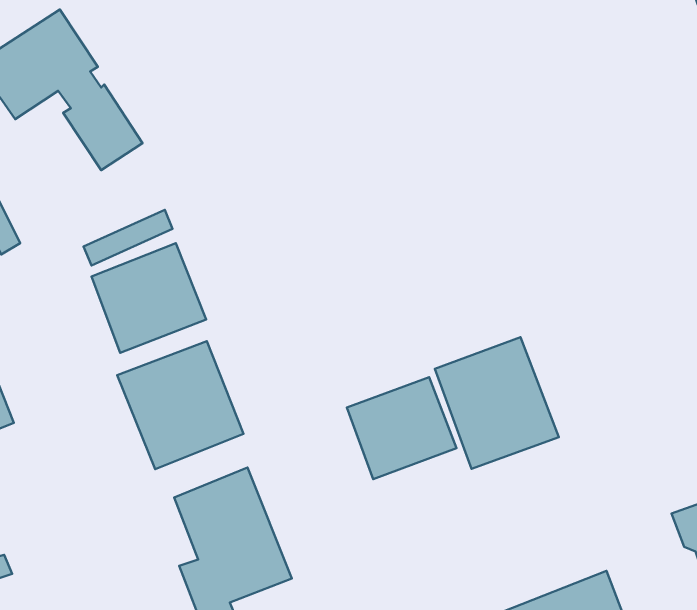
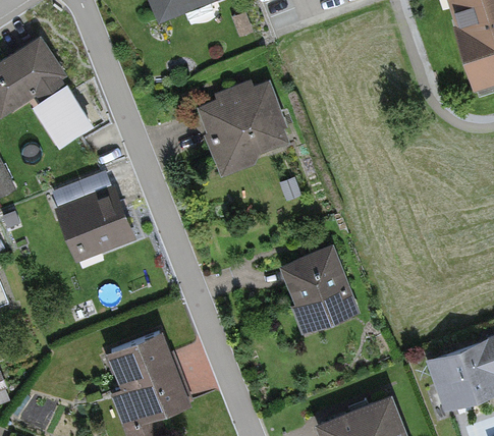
building: none -> [199,84,293,171]
building: [117,341,243,469] -> none
building: [347,377,457,479] -> none

